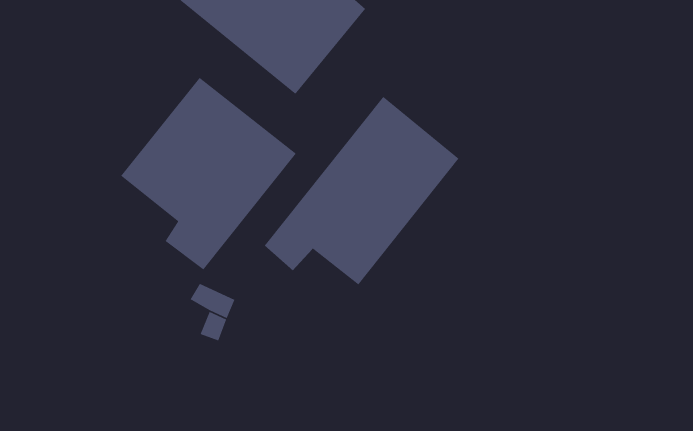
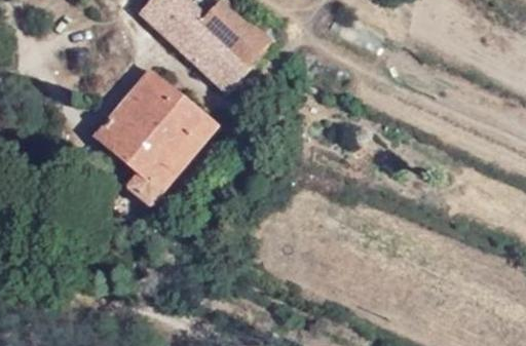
building: [264,96,459,285] -> none

